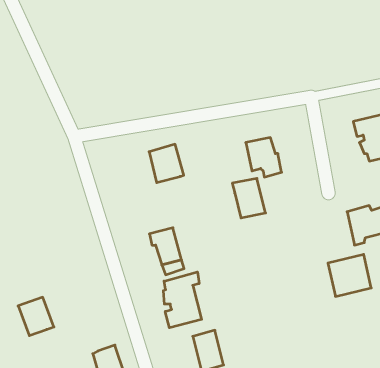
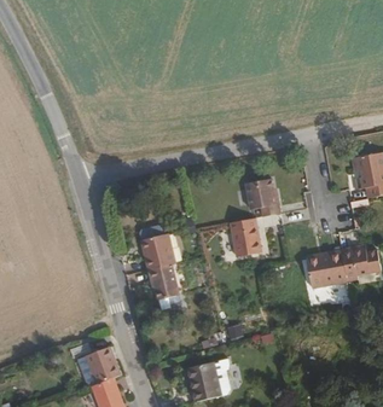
building: [149,144,184,183] -> [141,232,175,269]
building: [328,254,371,296] -> [307,248,349,289]
building: [163,272,202,328] -> none
building: [18,297,54,336] -> [87,347,122,384]

